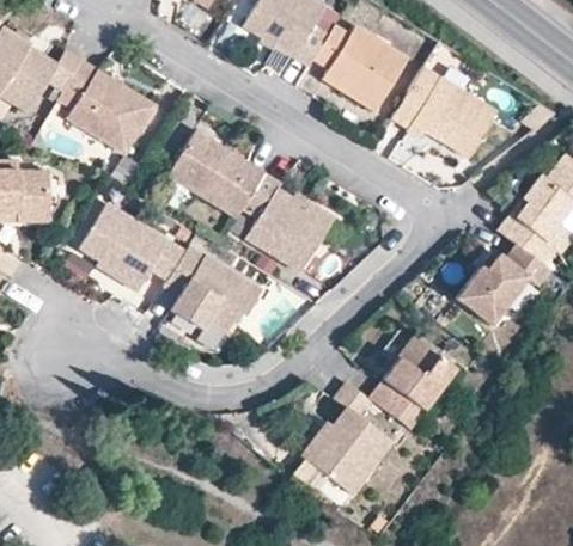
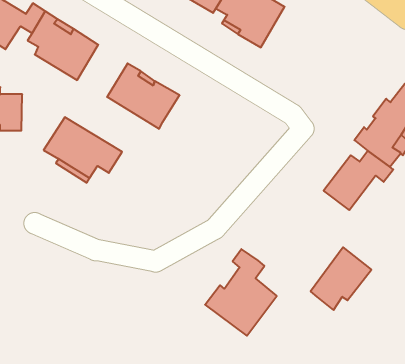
building: [392,63,496,155] -> none
building: [242,173,333,271] -> none
building: [164,244,263,332] -> none
building: [371,337,453,422] -> [311,247,371,310]

